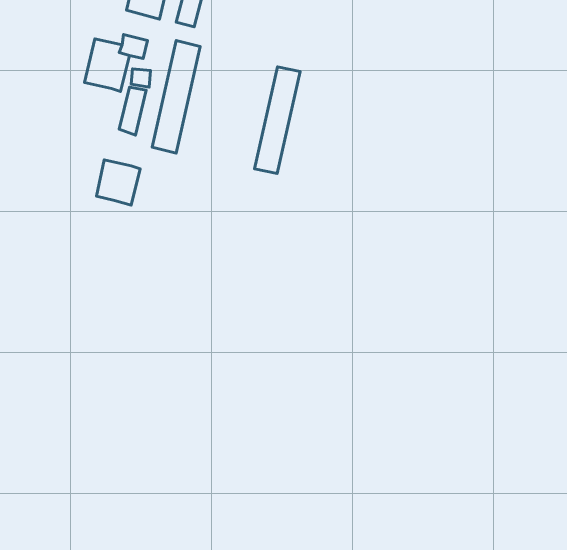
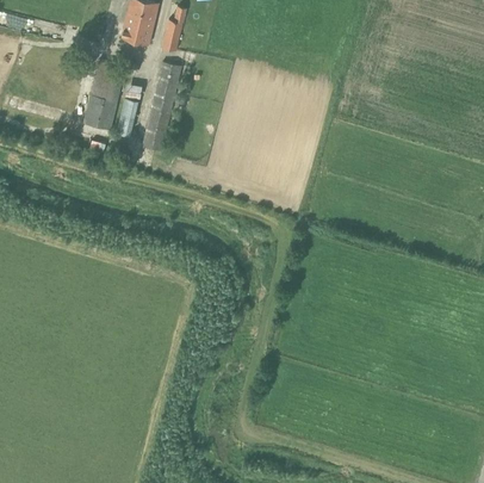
building: [254,67,300,173] -> none
building: [97,160,140,205] -> [82,95,117,131]

